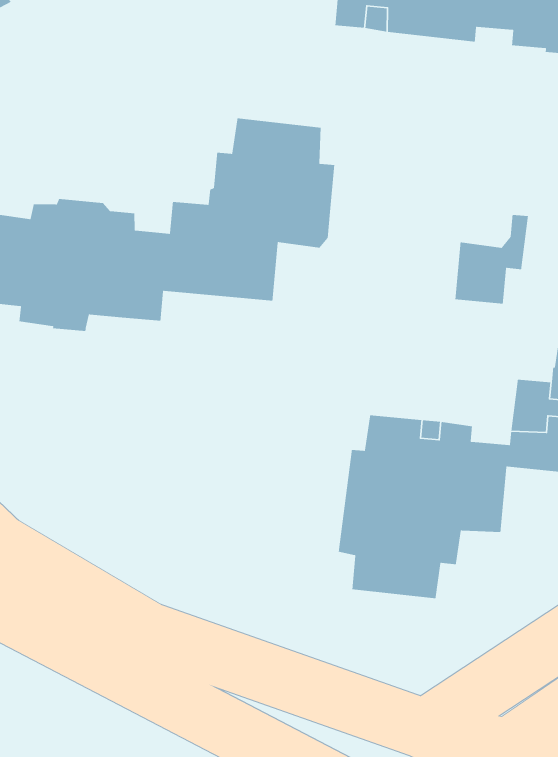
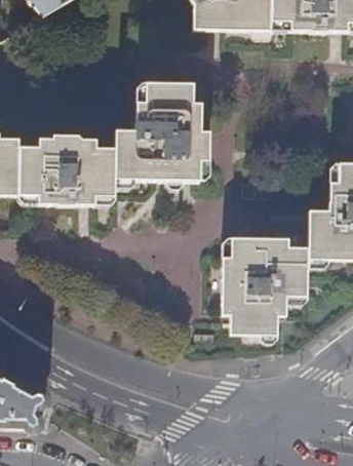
building: [455,214,529,304] -> [173,130,209,180]

